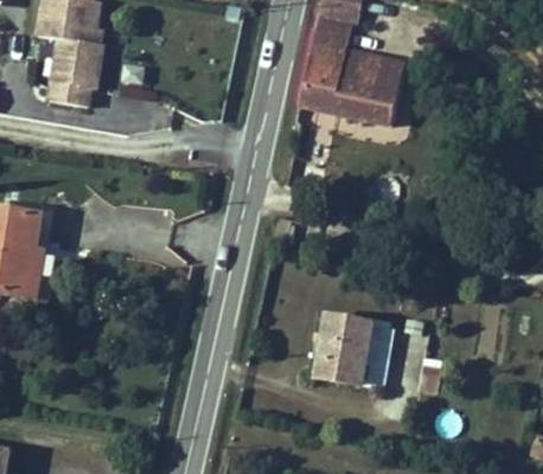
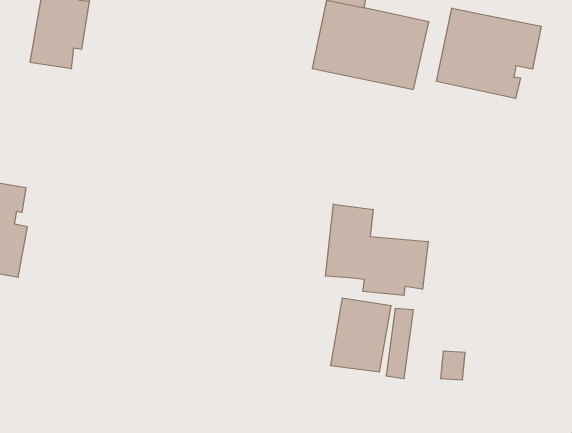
building: none -> [437,8,541,99]
building: none -> [325,204,428,296]

